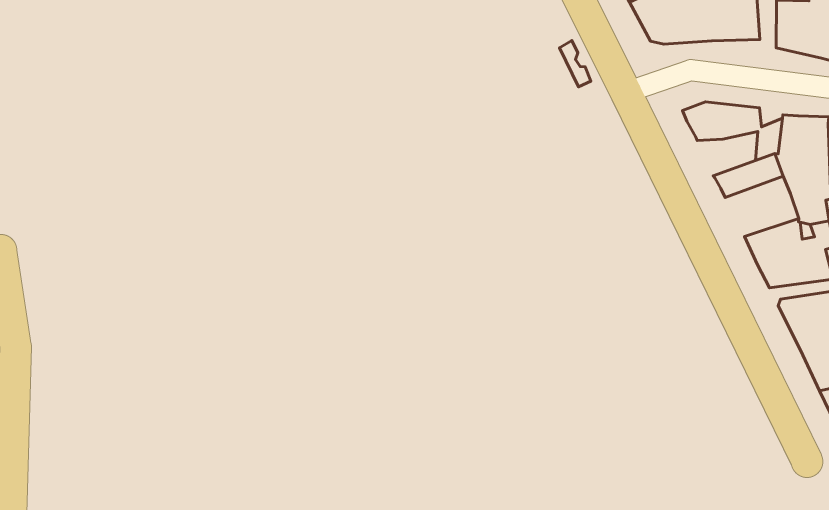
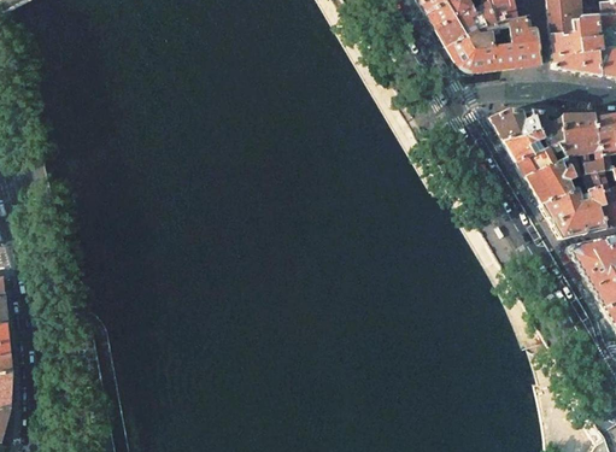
building: none -> [501,128,544,162]
building: none -> [524,158,577,202]

